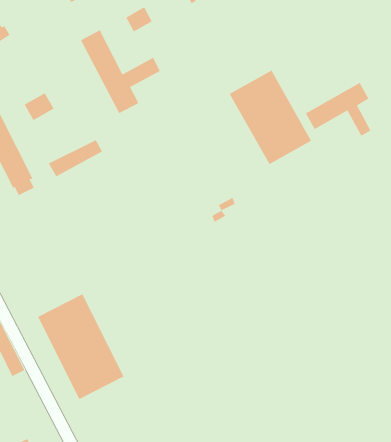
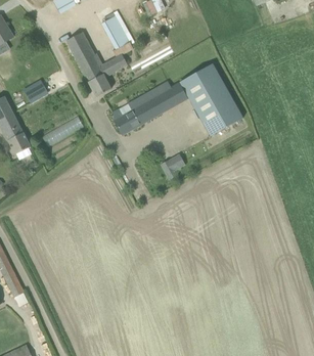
building: [305,82,371,137] -> none
building: none -> [111,81,174,134]
building: [37,294,124,400] -> none

